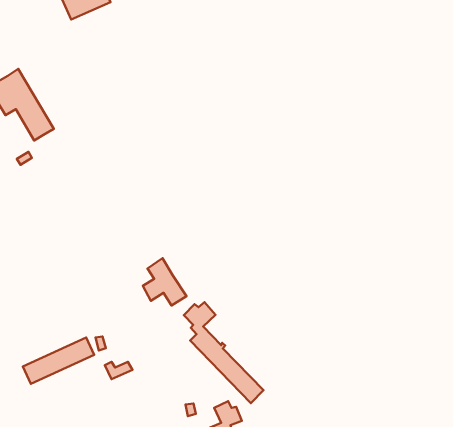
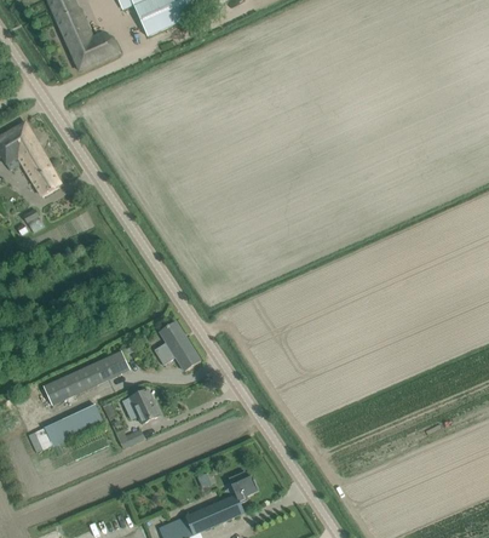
building: none -> [42,356,119,406]
building: [184,302,264,403] -> none
building: none -> [121,388,159,423]

